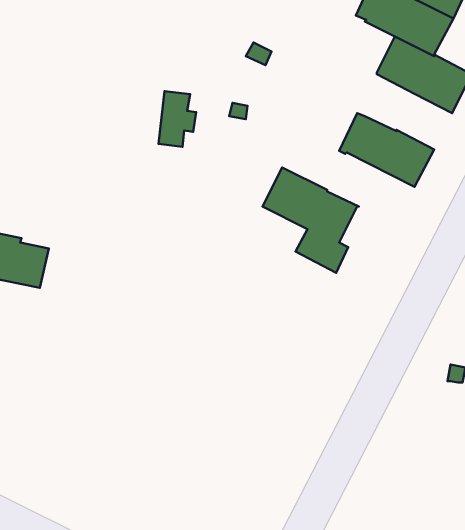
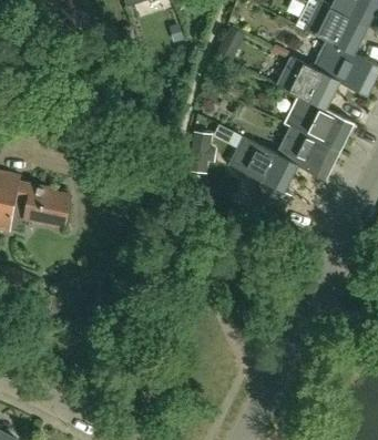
building: none -> [275,55,339,110]
building: [159,91,196,147] -> [188,131,216,172]
building: none -> [275,125,339,180]

